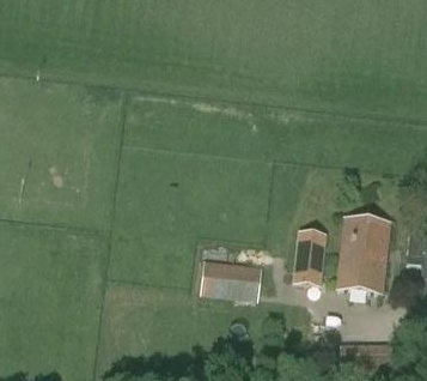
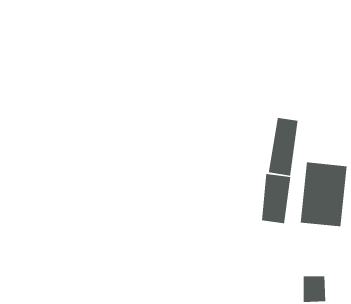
building: none -> [268,117,298,176]
building: [201,259,263,300] -> none

